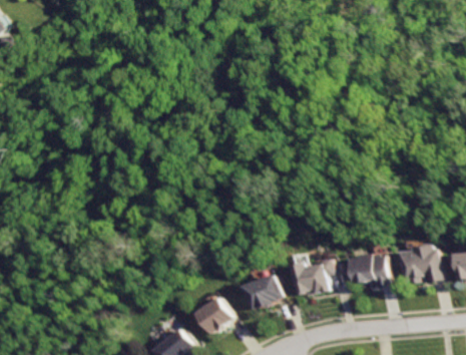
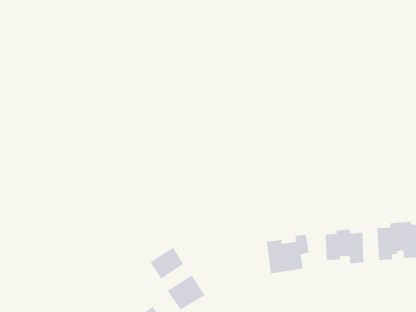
building: none -> [150,247,184,280]
building: [244,275,282,308] -> none

